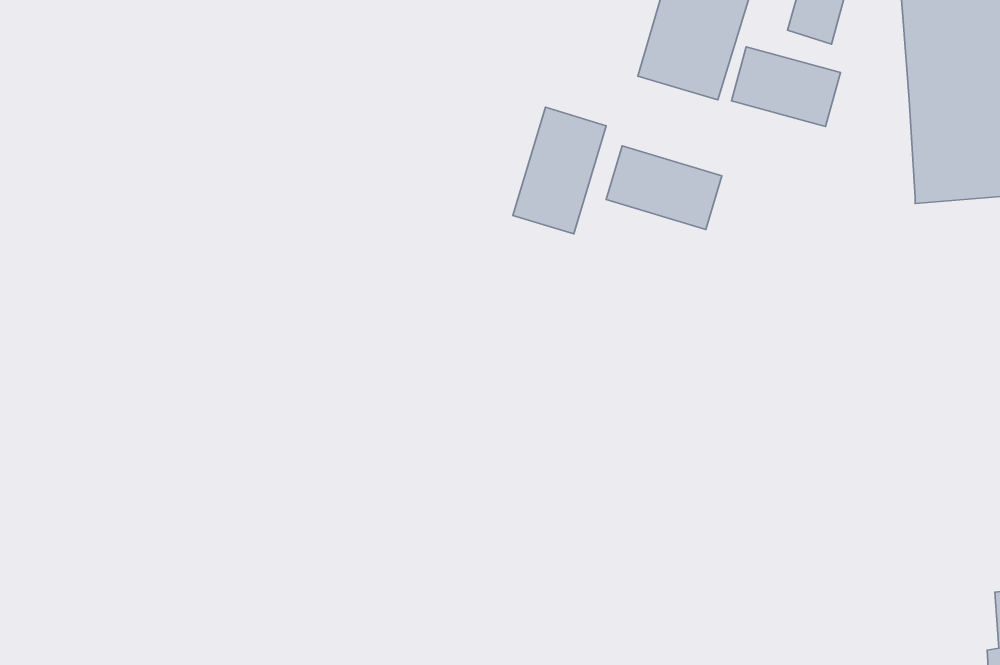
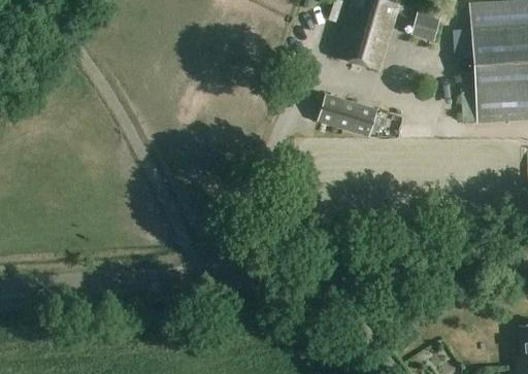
building: [731,47,840,126] -> none
building: [513,107,606,234] -> none

